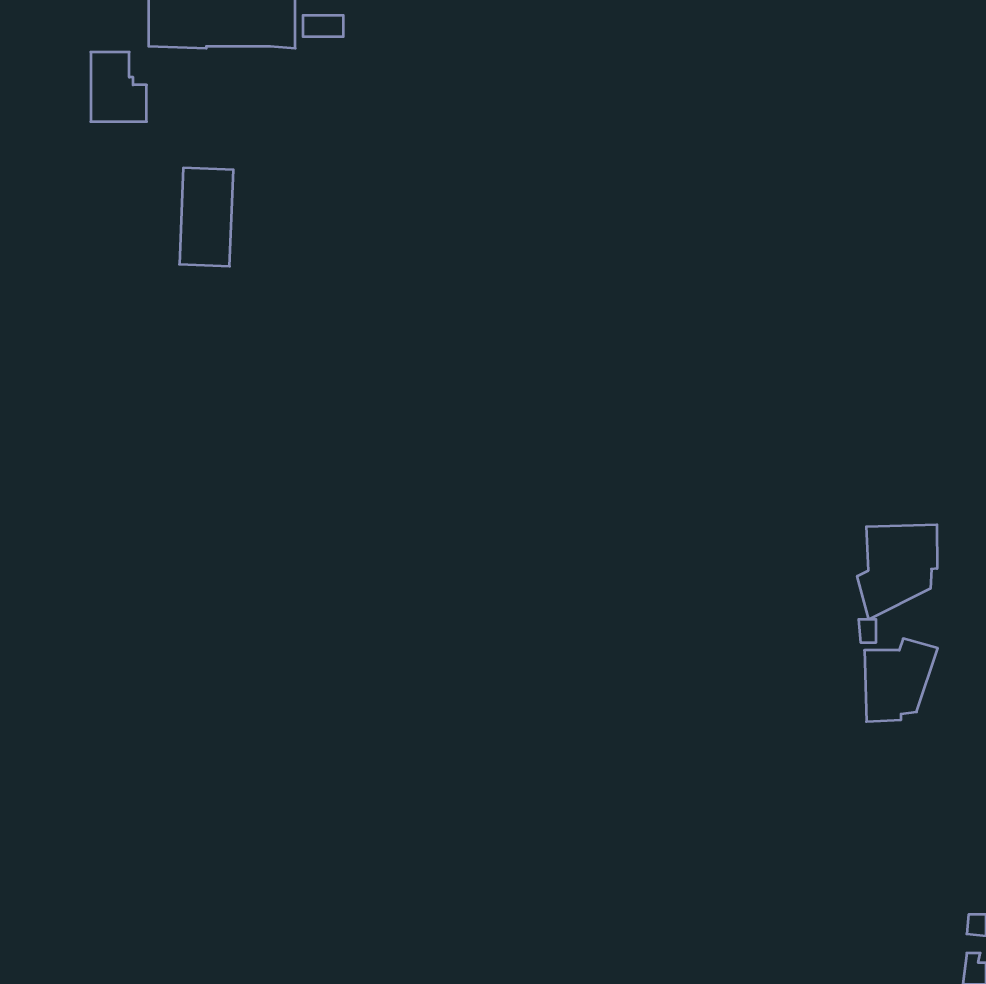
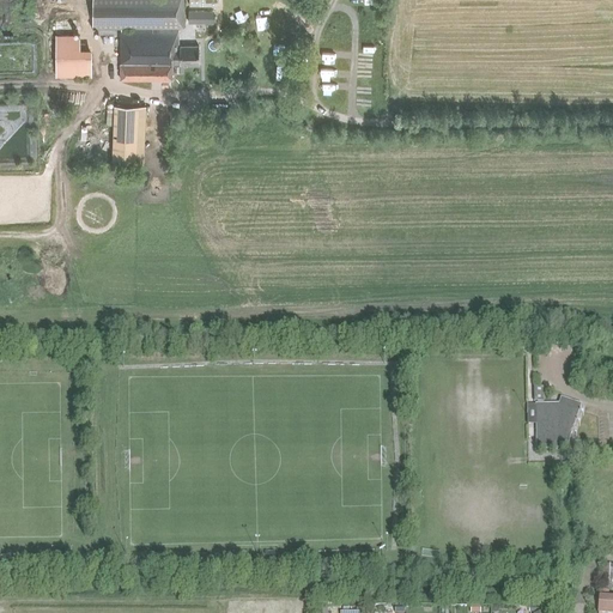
building: none -> [119,30,195,80]
building: [857,525,937,619] -> none

